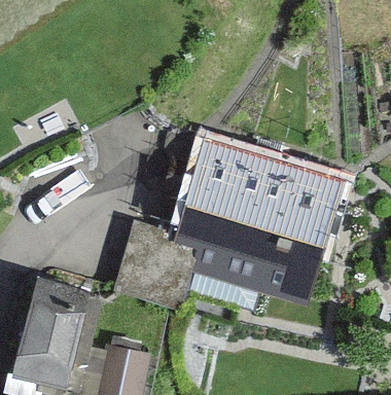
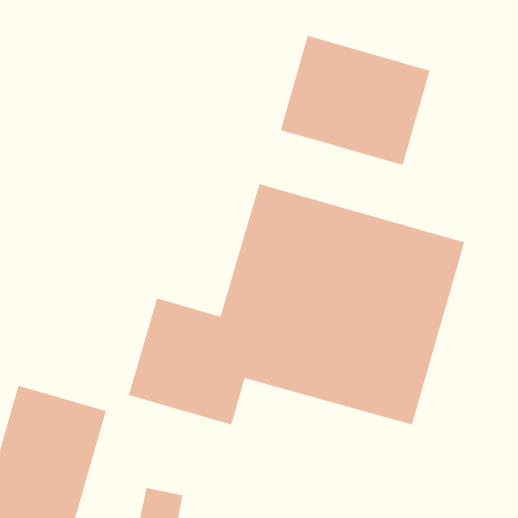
building: none -> [280,35,430,166]

